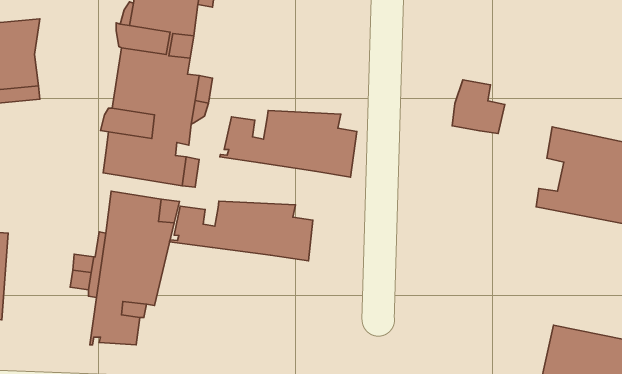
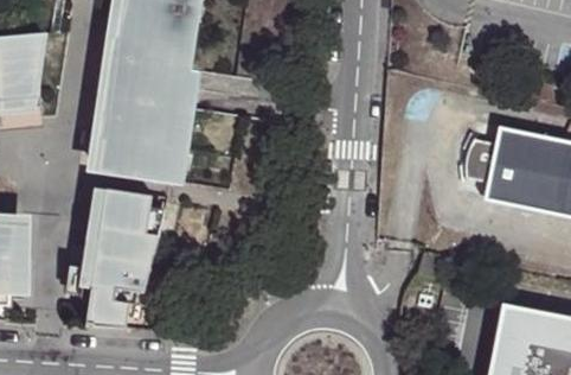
building: [452,80,505,134] -> [467,138,514,186]
building: [220,111,357,177] -> none
building: [170,201,313,261] -> none

